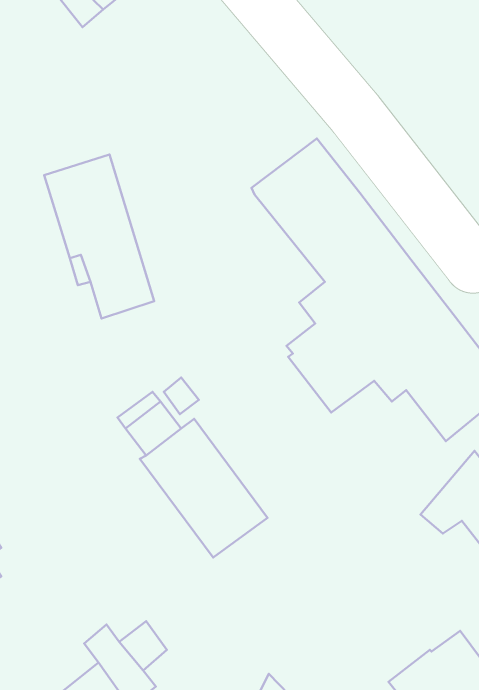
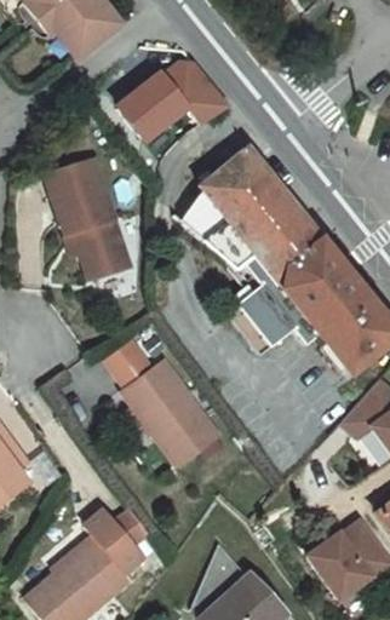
building: none -> [119,59,231,139]
building: none -> [187,188,263,269]

